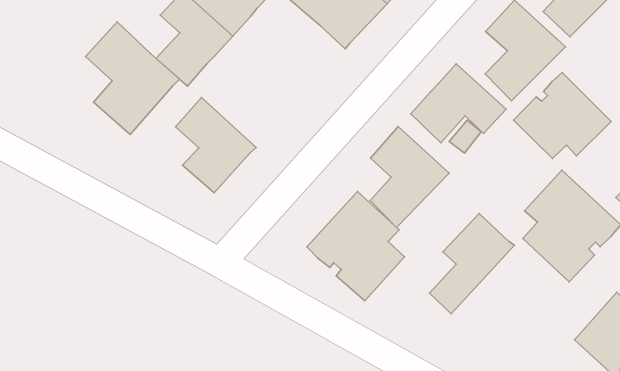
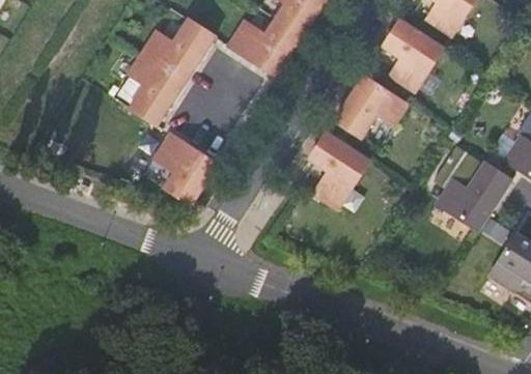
building: [85,22,179,135] -> none
building: [514,73,611,158] -> none
building: [307,191,405,301] -> none
building: [429,213,514,314] -> none

